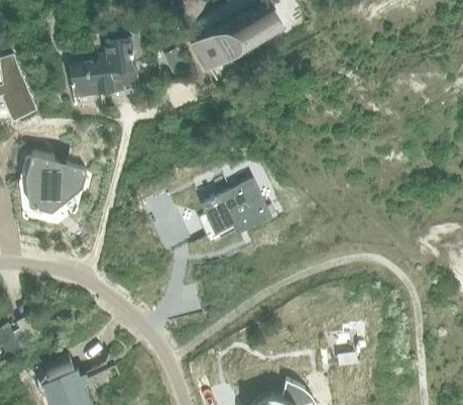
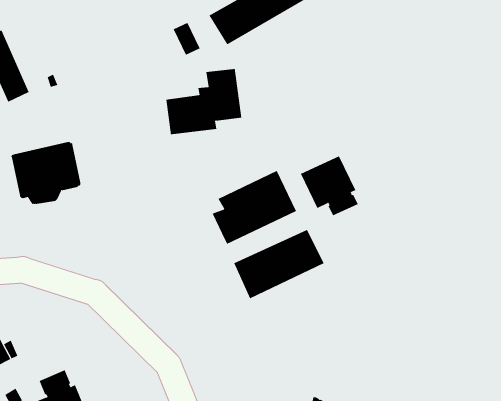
building: [69,38,136,97] -> [165,68,242,135]
building: none -> [300,155,358,216]
building: none -> [234,229,324,299]

